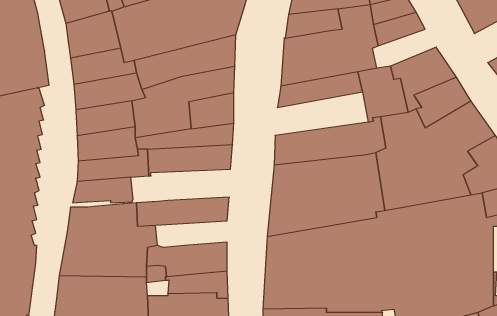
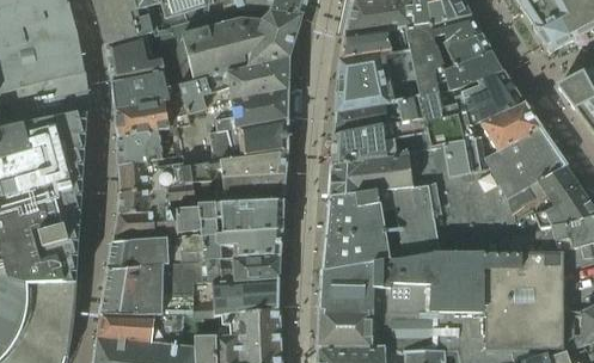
building: none -> [434,51,502,93]
building: none -> [330,118,429,165]
building: none -> [176,201,282,235]
building: none -> [202,256,278,284]

